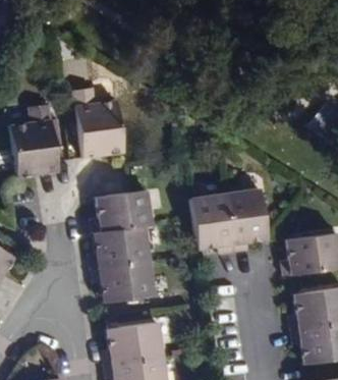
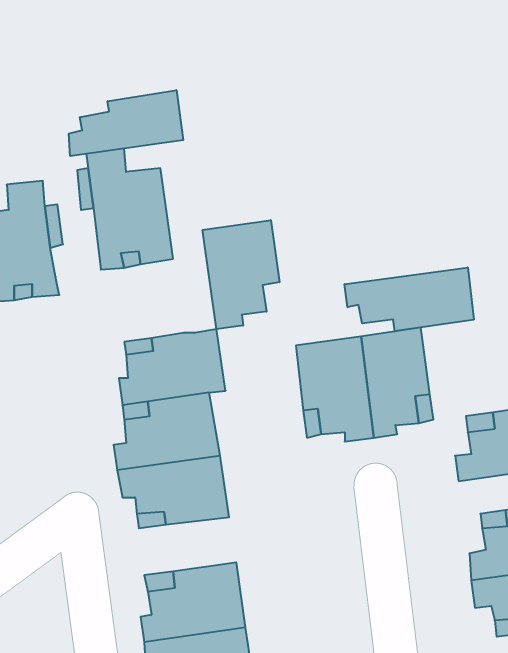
building: none -> [69,90,183,156]
building: none -> [203,220,279,329]
building: none -> [345,267,474,331]

